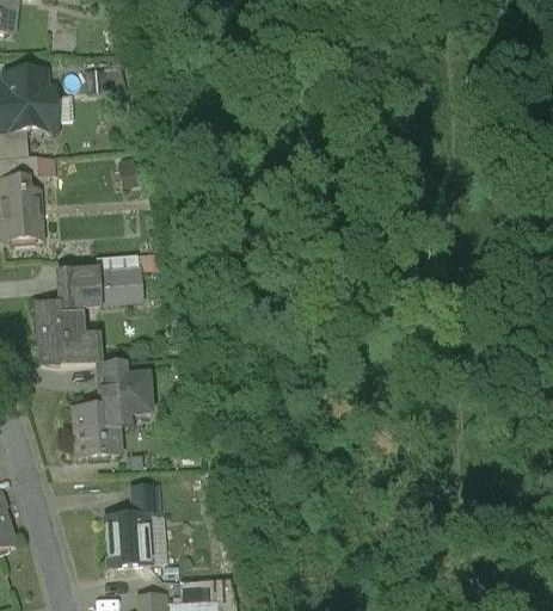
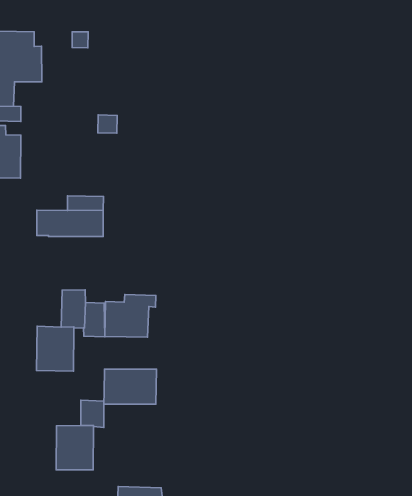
building: [38,300,97,364] -> none
building: none -> [105,294,156,337]
building: none -> [104,369,157,404]

